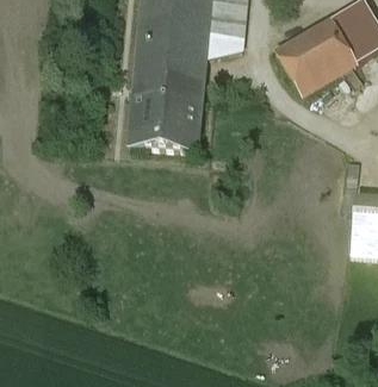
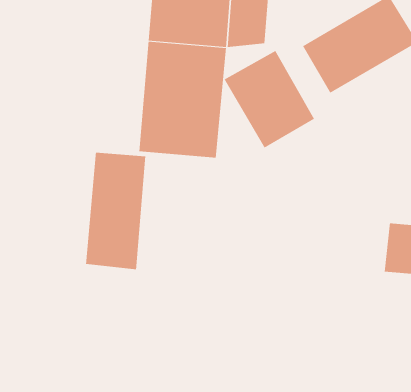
building: none -> [224,50,315,149]
building: none -> [85,152,146,270]

